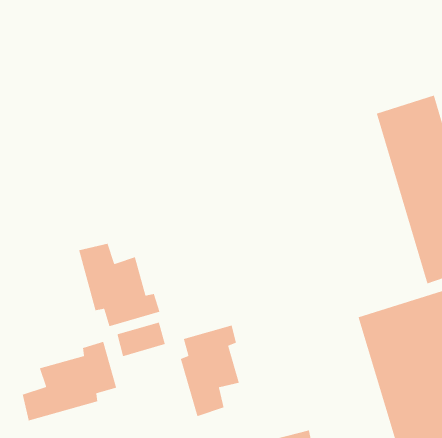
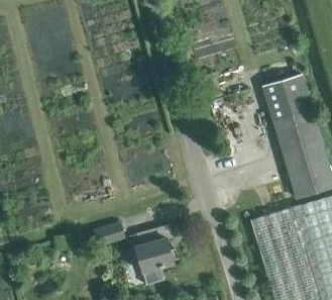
building: [78,243,161,327] -> none
building: [22,341,117,422] -> none

